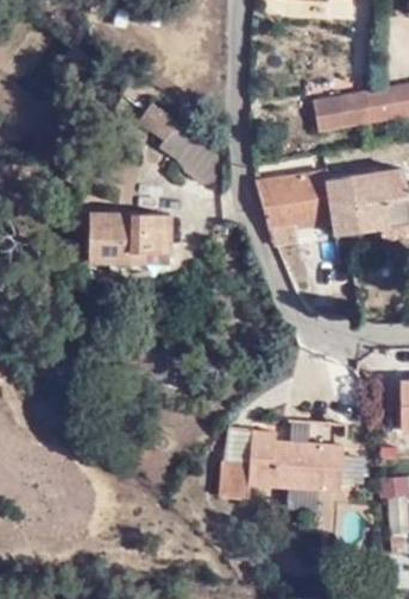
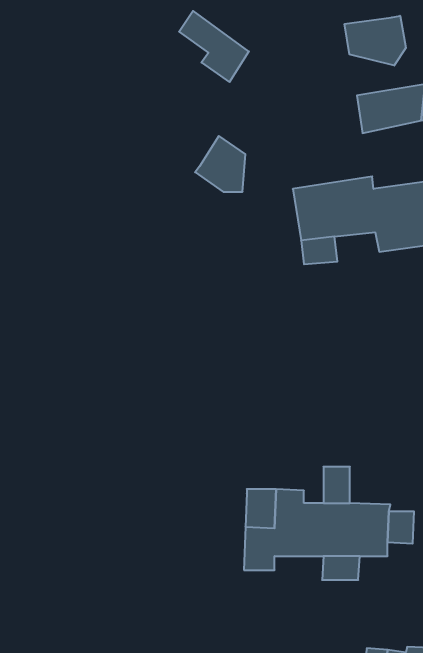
building: none -> [345,16,406,66]
building: [138,101,197,162] -> [179,11,249,82]
building: [92,208,169,260] -> none

